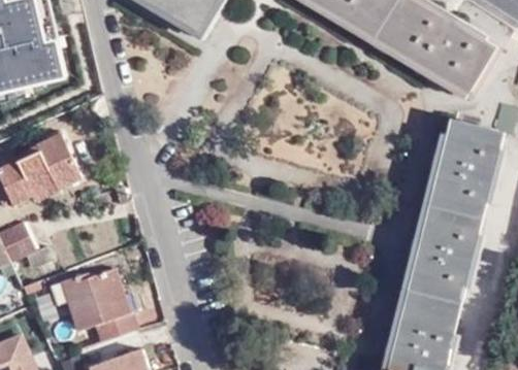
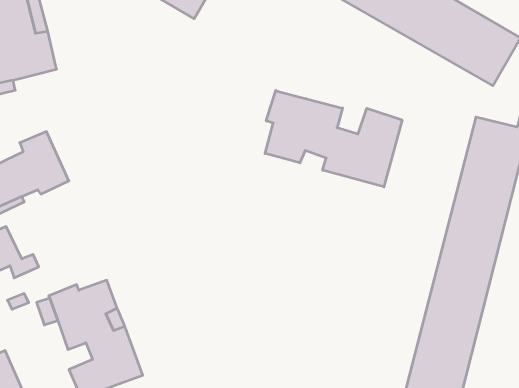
building: none -> [265,90,402,187]

